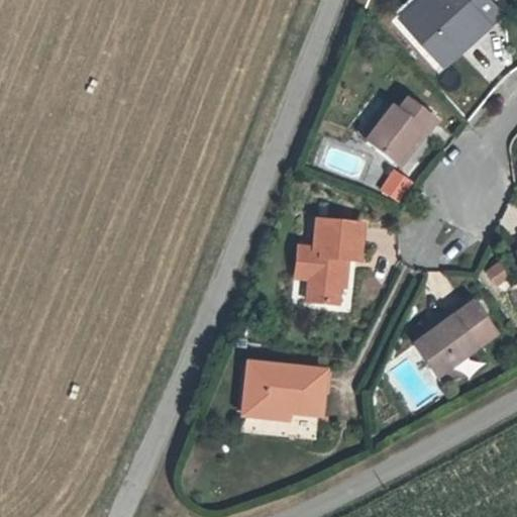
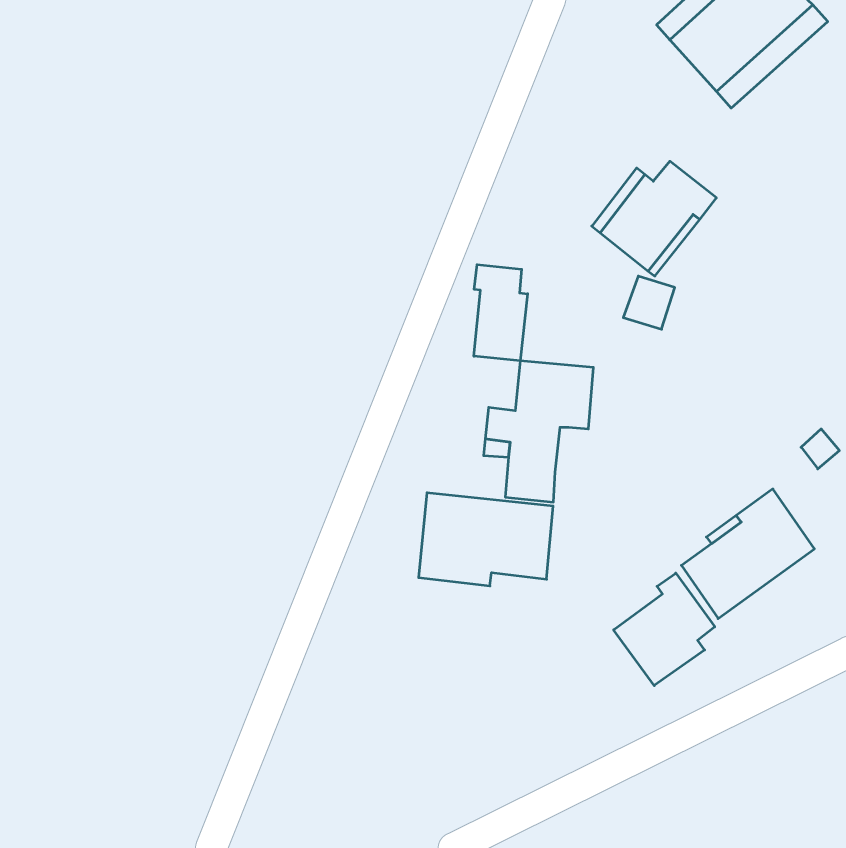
building: none -> [474,265,528,361]
building: none -> [614,573,715,686]
building: [243,363,325,419] -> [419,493,553,586]

